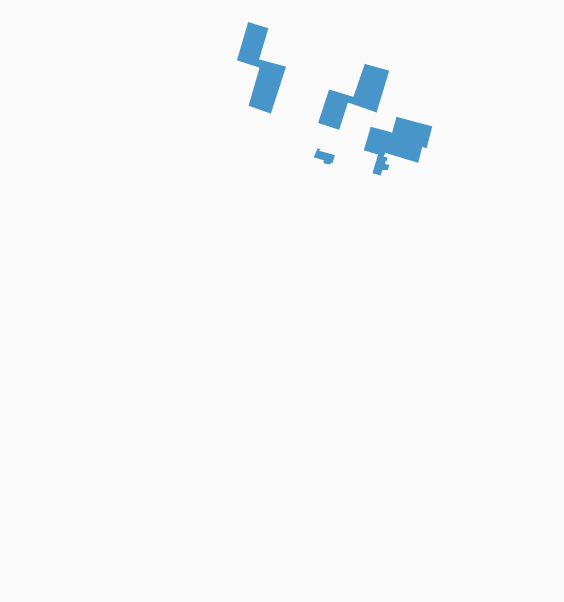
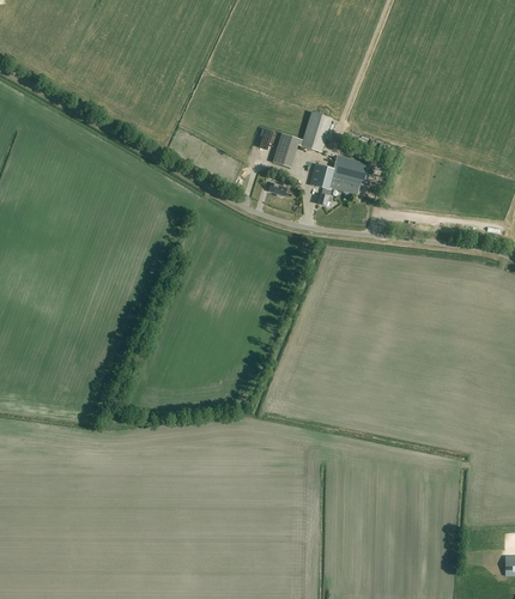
building: [236,21,287,115] -> none

